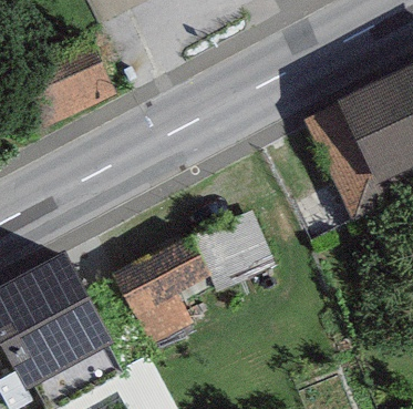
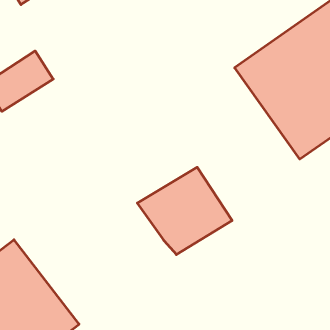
building: [113,234,208,344] -> none

